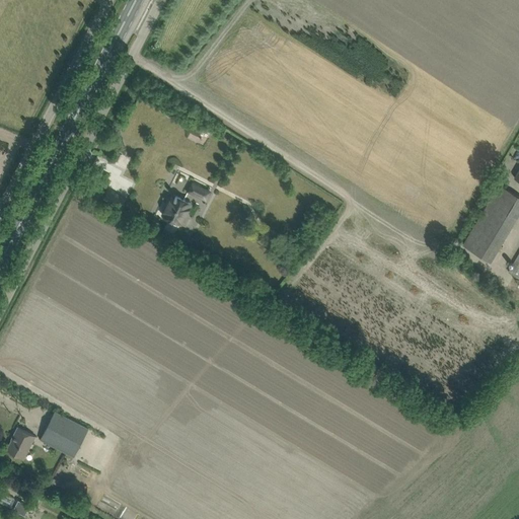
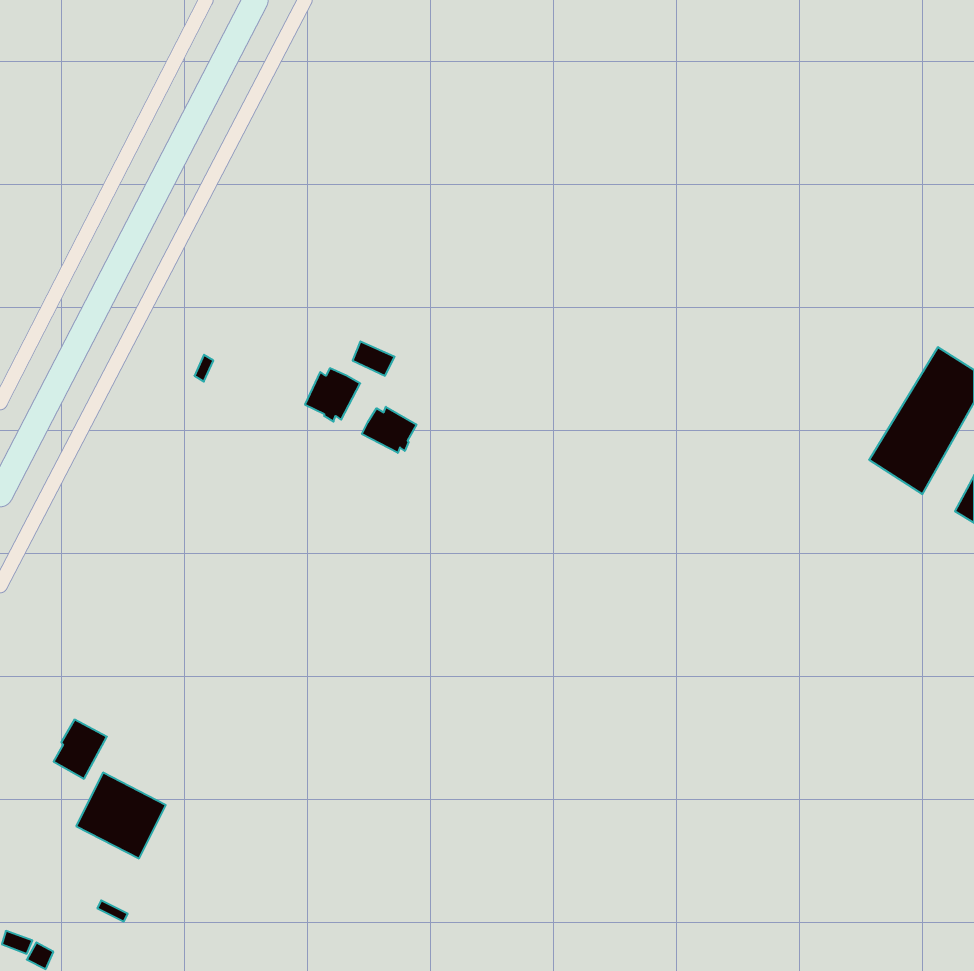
building: none -> [362,407,416,453]
building: [7,429,35,460] -> [54,720,107,779]

